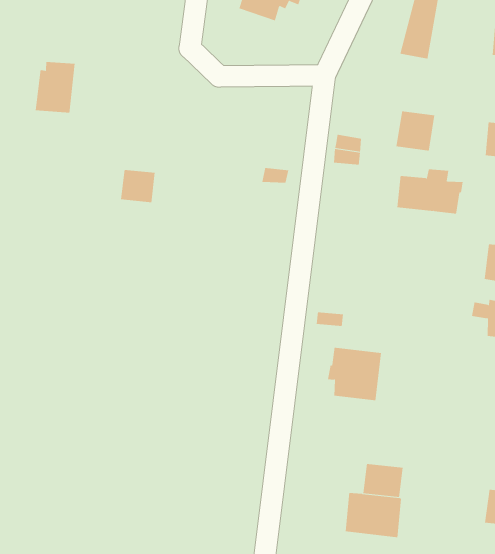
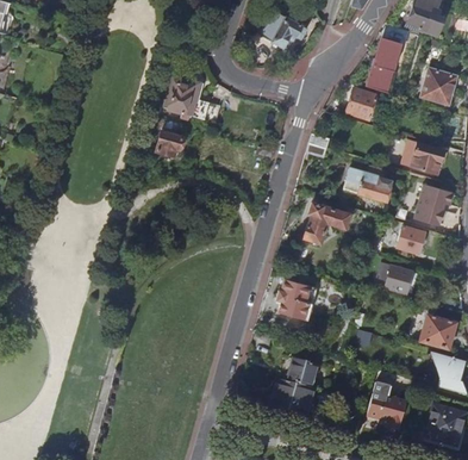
building: [35,62,75,113] -> [168,79,201,117]
building: [396,111,435,151] -> [345,88,376,119]
building: none -> [304,204,350,244]

